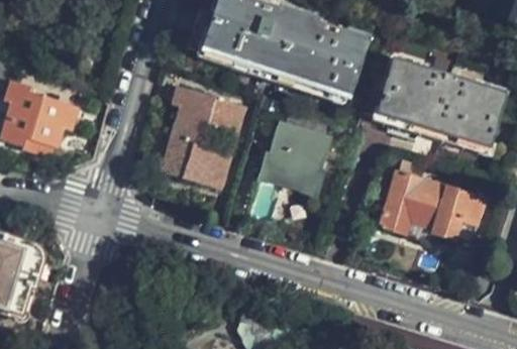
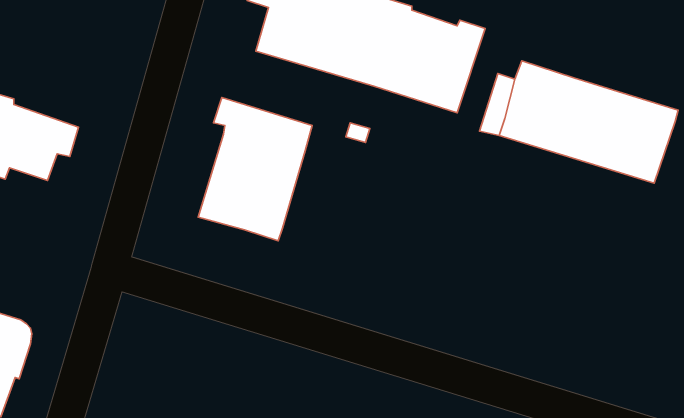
building: [258,121,329,194] -> none
building: [380,168,488,240] -> none

